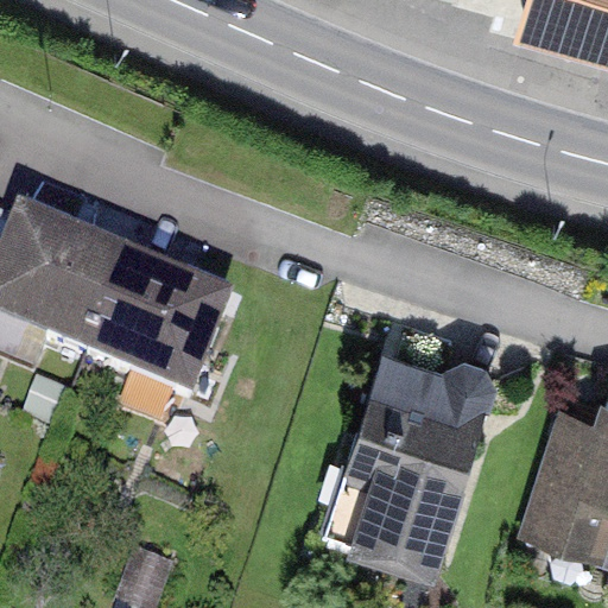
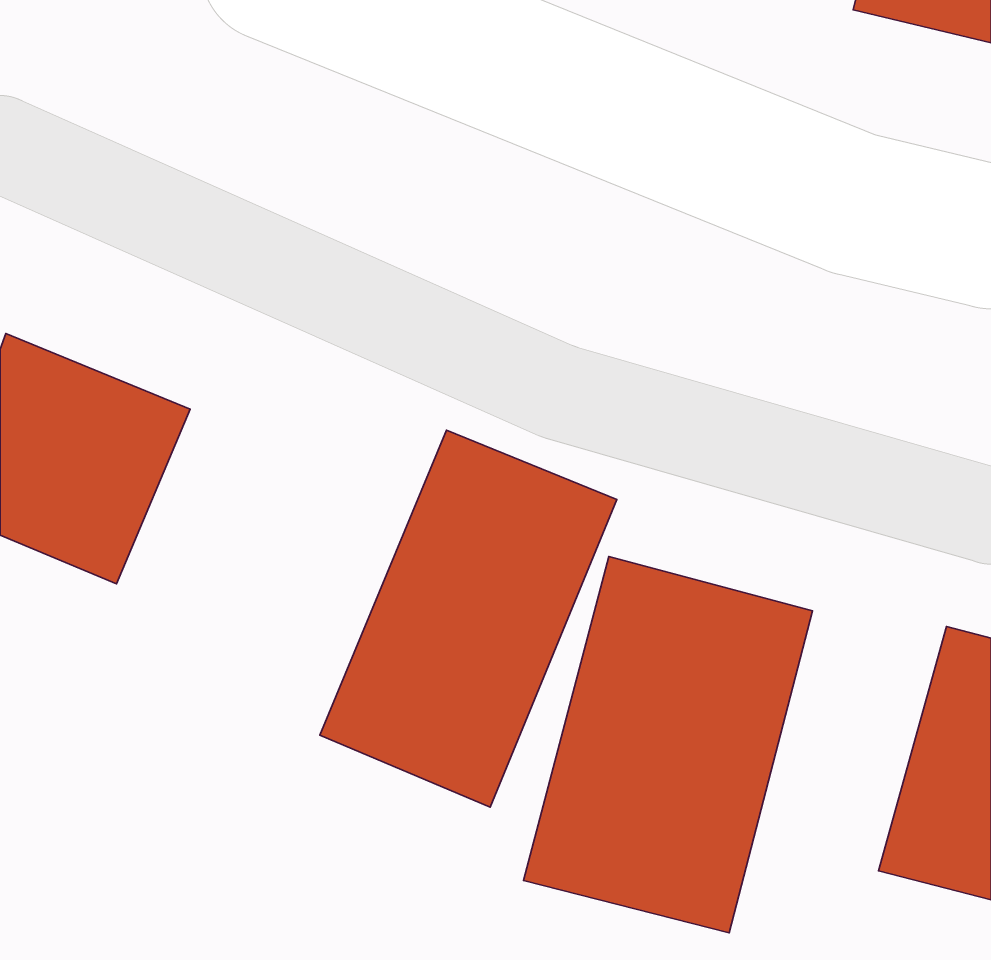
building: [71,251,228,404] -> none
building: none -> [320,430,617,807]

